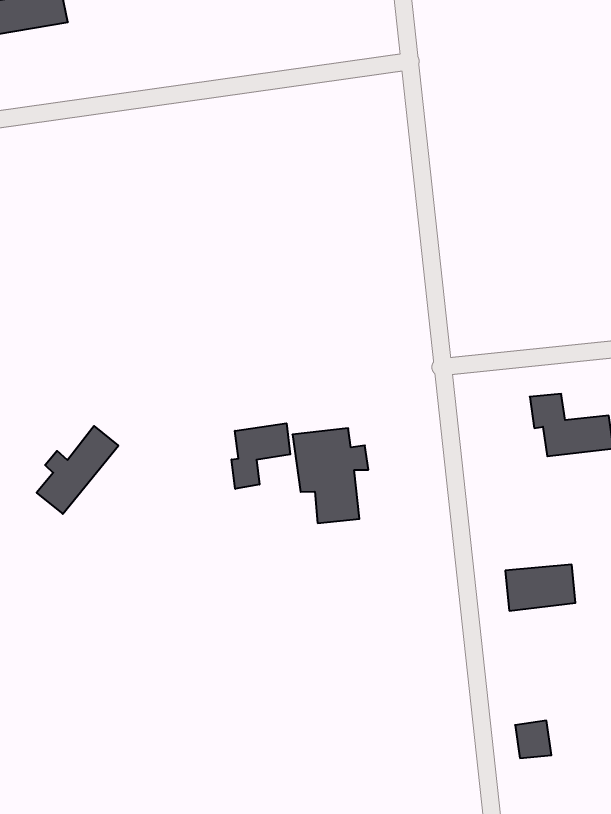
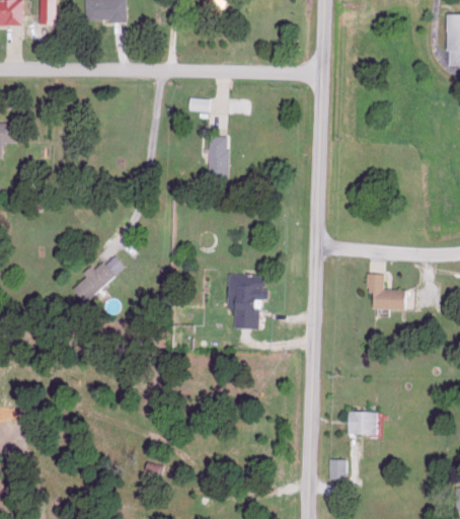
building: none -> [209,137,230,180]
building: [232,423,290,489] -> none
building: [505,565,575,611] -> [340,411,380,435]

